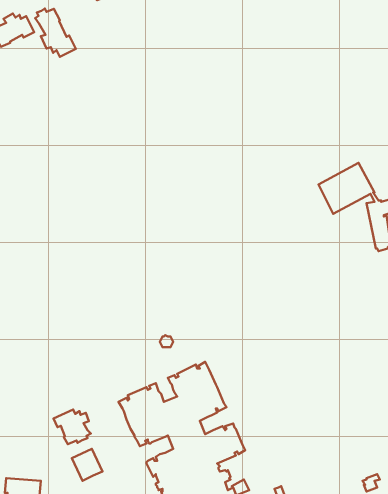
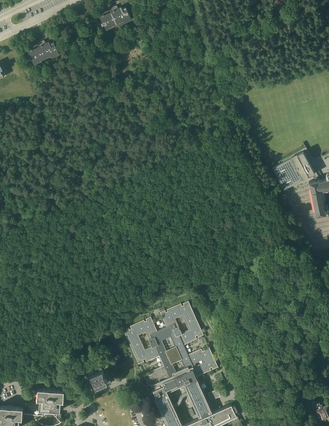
building: [35,8,76,57] -> none
building: [54,409,91,444] -> none

